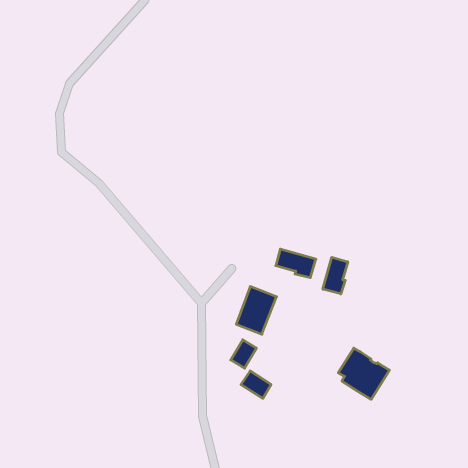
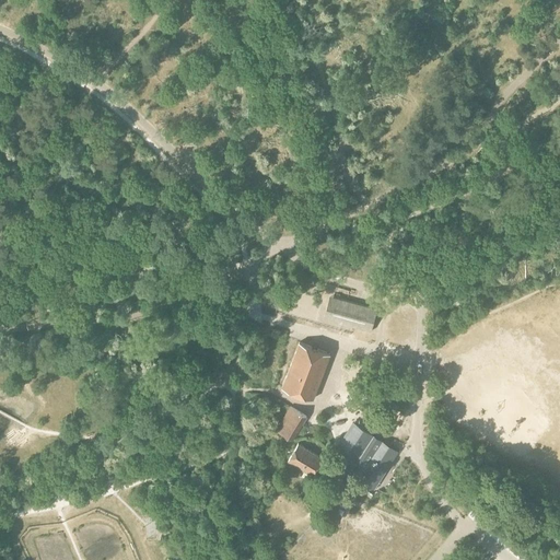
building: [323,257,348,294] -> none
building: [338,348,389,399] -> [334,425,395,487]

